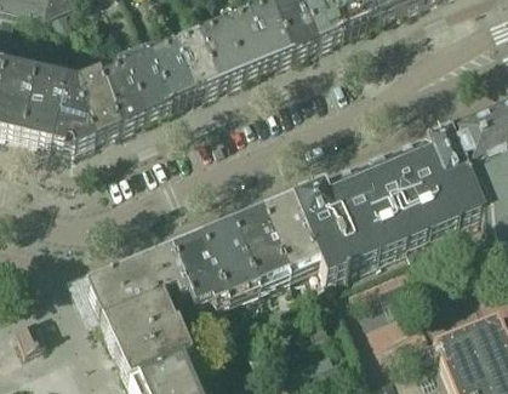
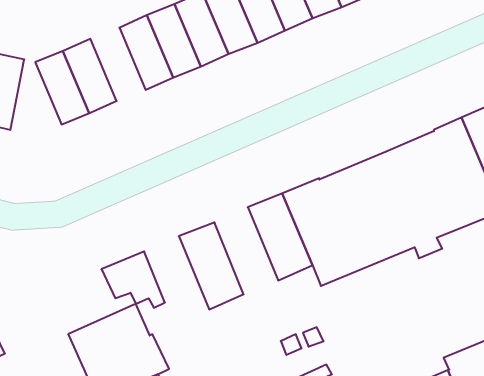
building: [126,48,175,113] -> none
building: [56,76,101,143] -> none
building: [235,206,291,282] -> none
building: [173,232,230,304] -> none
building: [90,261,166,318] -> none

